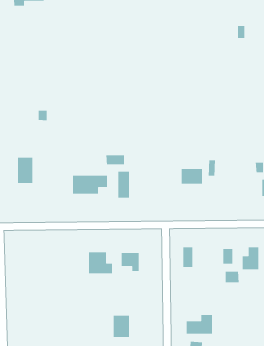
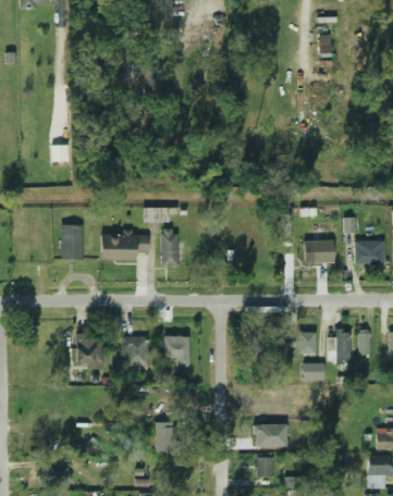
building: [17,157,33,184] -> [61,225,83,261]
building: [181,168,203,185] -> [304,240,333,262]
building: none -> [76,335,103,365]

